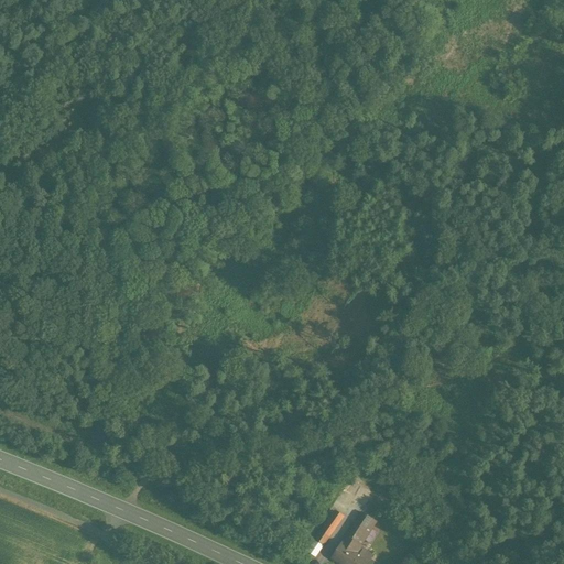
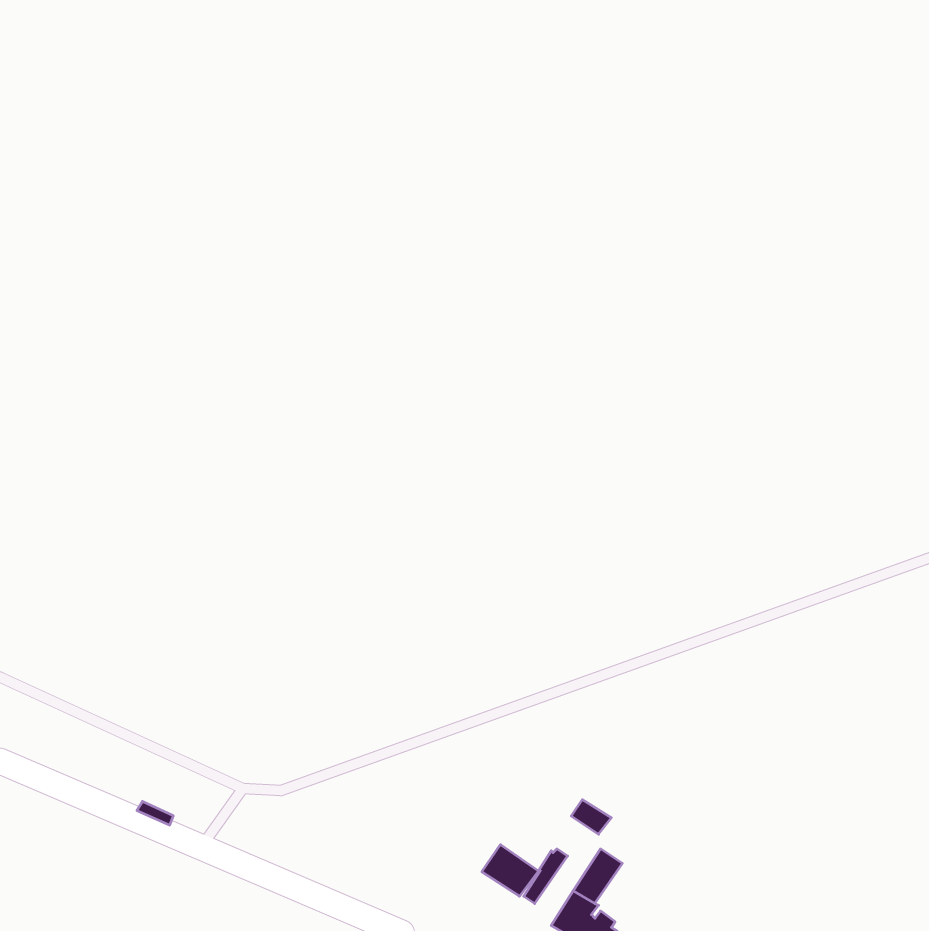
building: none -> [482,845,538,896]

